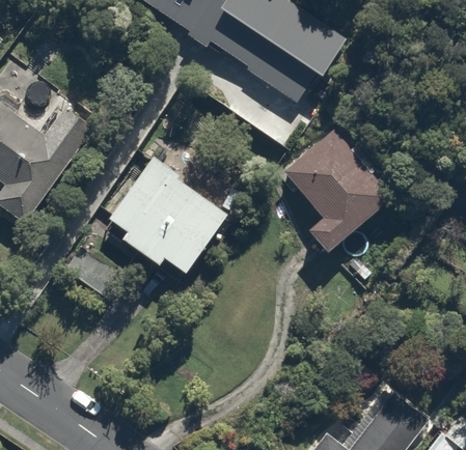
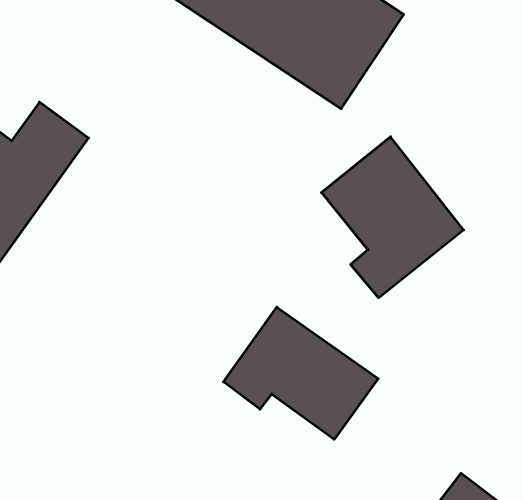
building: [104,157,227,274] -> none
building: none -> [223,307,378,439]

